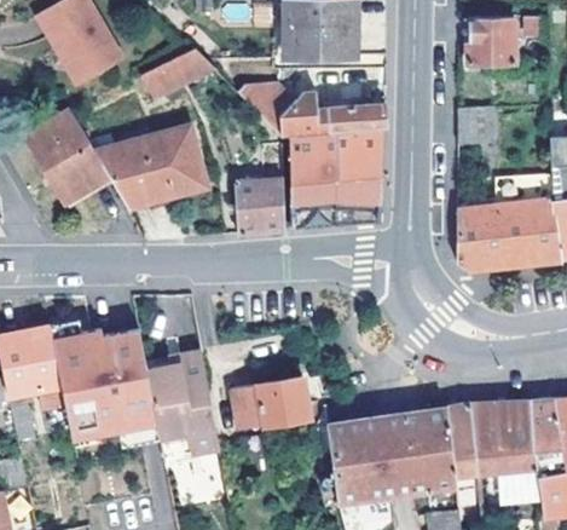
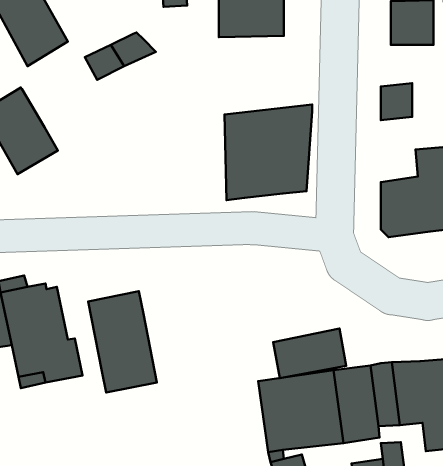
building: [239,85,384,140] -> none
building: [97,127,209,211] -> none
building: [236,145,284,235] -> none
building: [110,319,158,420] -> none
building: [232,376,311,430] -> [273,329,346,378]

